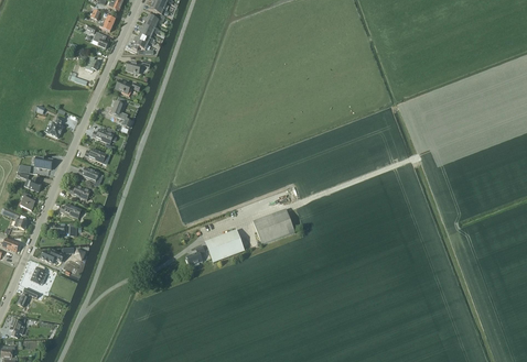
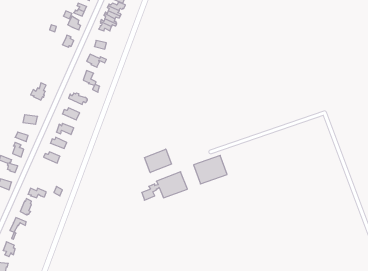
building: none -> [145,149,172,173]

